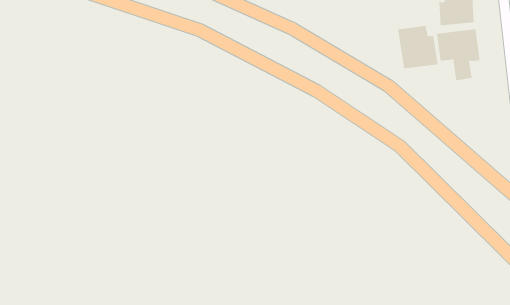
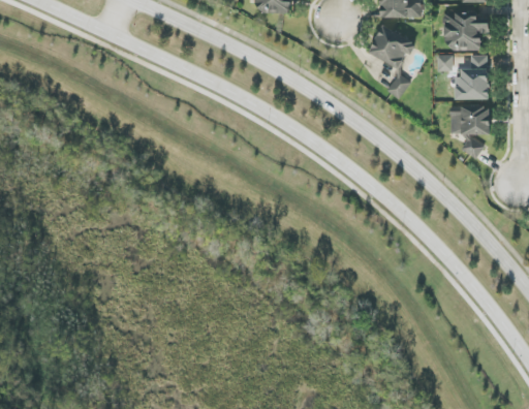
building: [398,25,438,69] -> none

